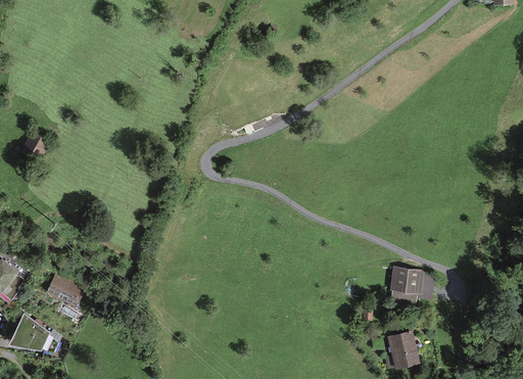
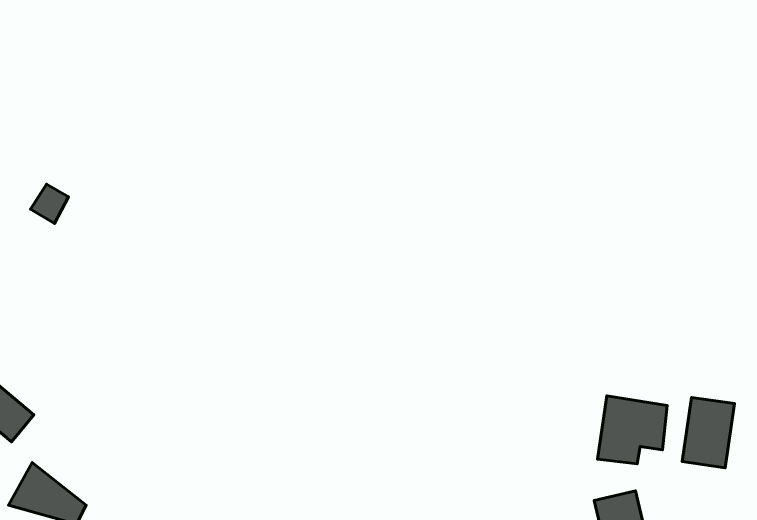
building: none -> [682,397,735,468]
building: [49,274,80,301] -> none

